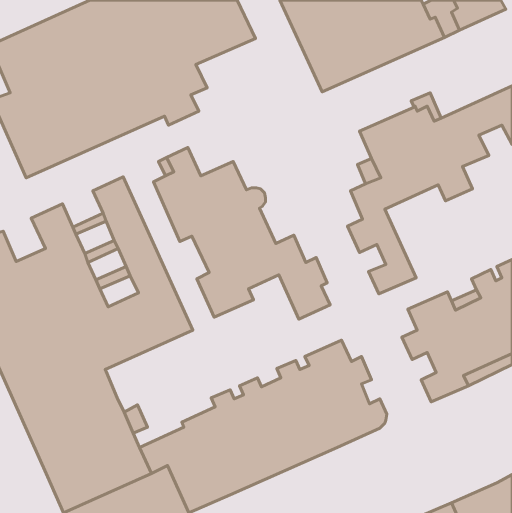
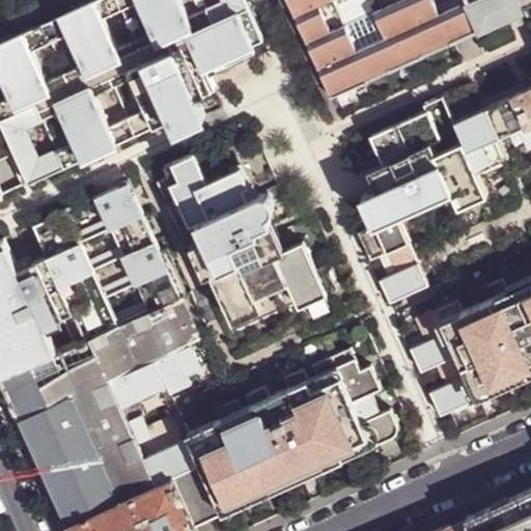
building: none -> [109,348,200,412]

